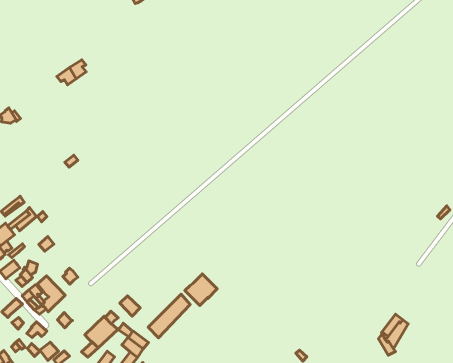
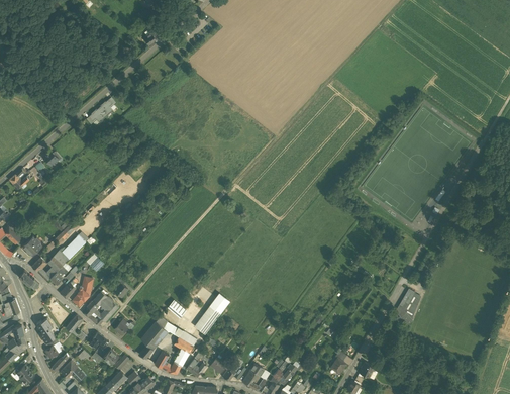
building: [185,274,217,305] -> none

